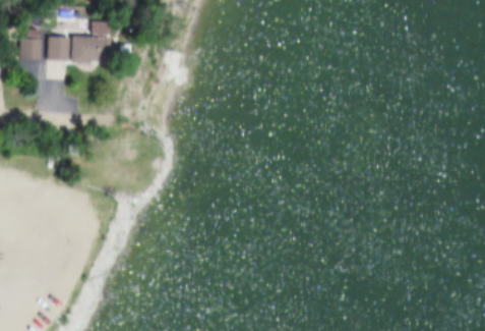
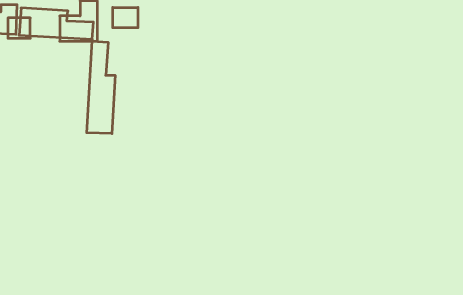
building: none -> [113,7,138,28]
building: none -> [87,41,115,134]

